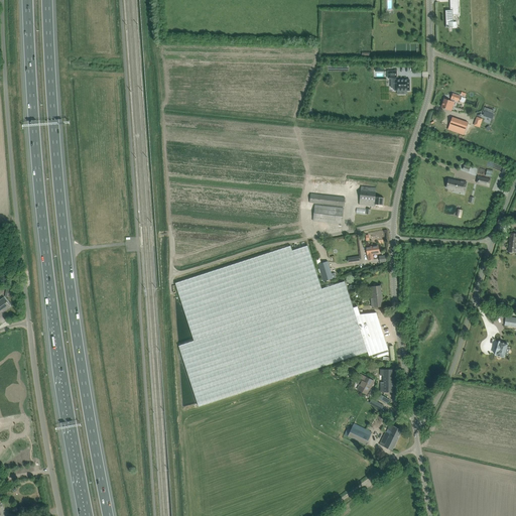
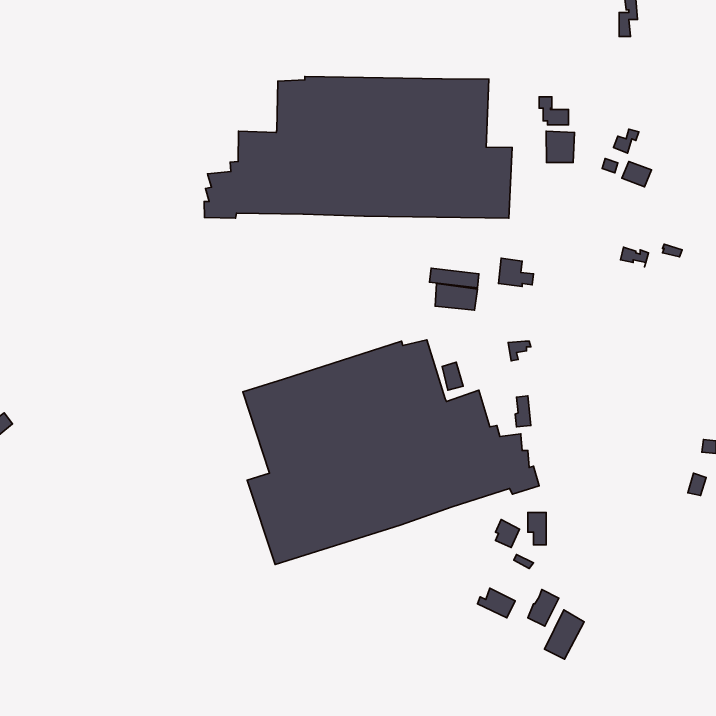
building: none -> [204,76,512,218]
building: none -> [546,131,575,162]
building: none -> [544,610,584,659]

